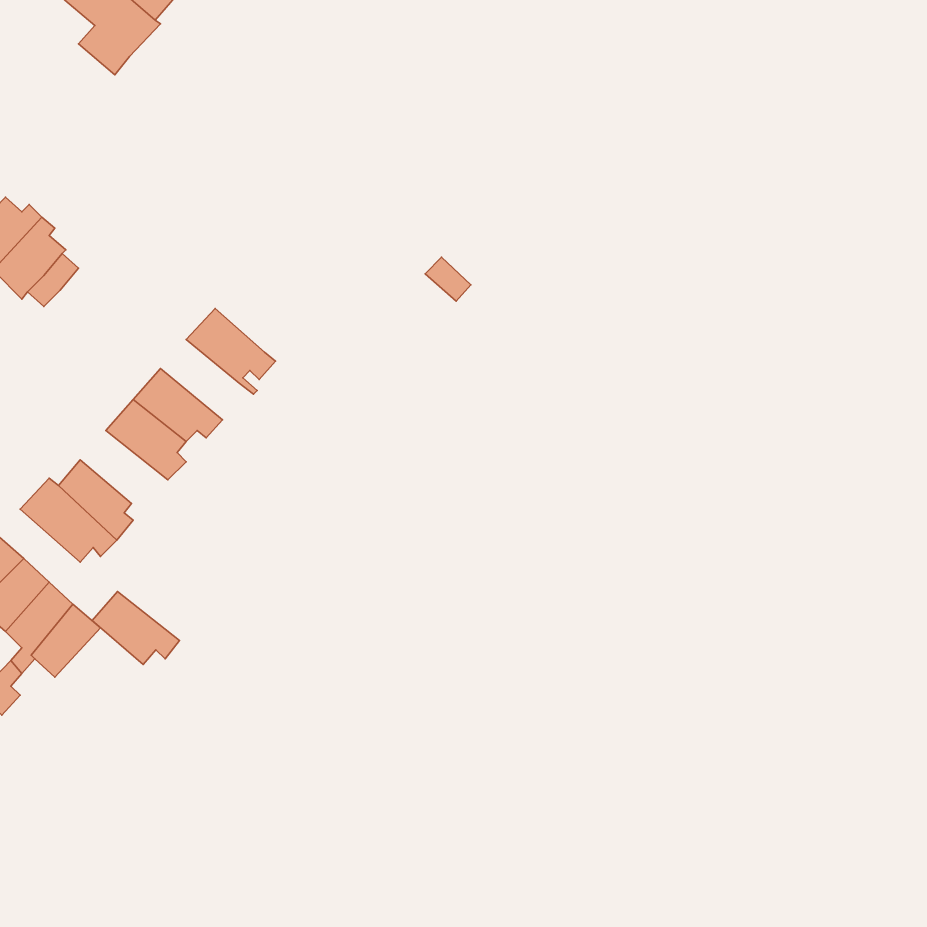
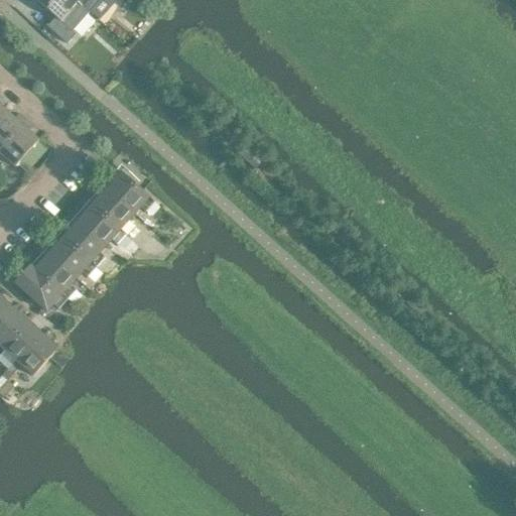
building: none -> [89,187,132,232]
building: [92,591,180,664] -> [44,238,93,278]

